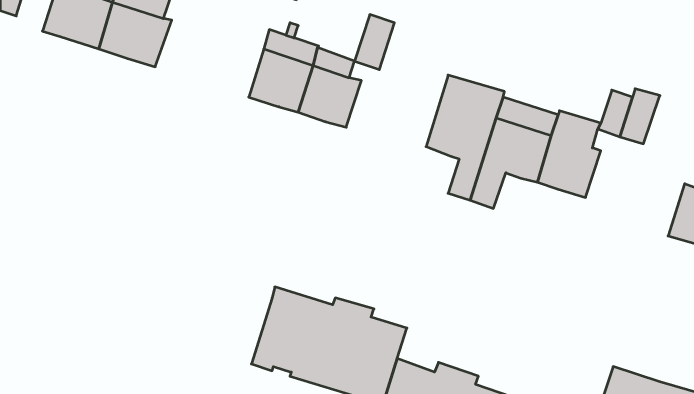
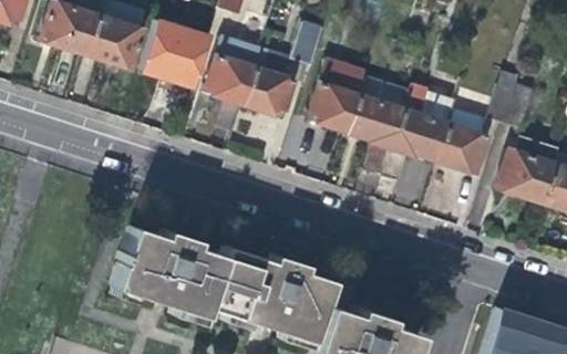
building: none -> [144,20,217,93]
building: none -> [308,59,367,133]
building: none -> [495,149,555,205]
building: none -> [111,226,223,313]

